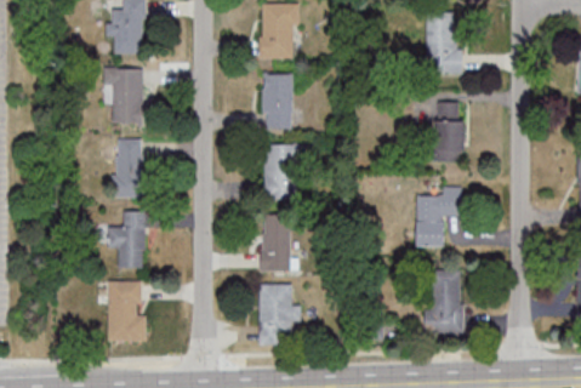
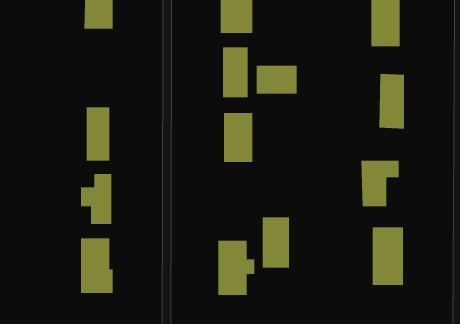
building: [104,69,142,124] -> none
building: none -> [256,65,297,94]
building: [261,215,291,270] -> [262,217,290,268]

